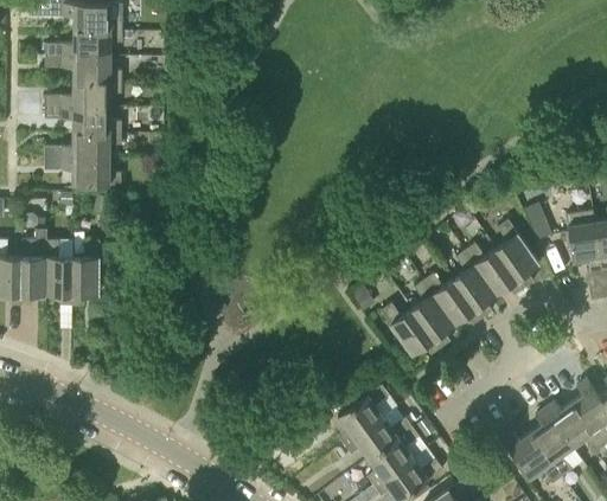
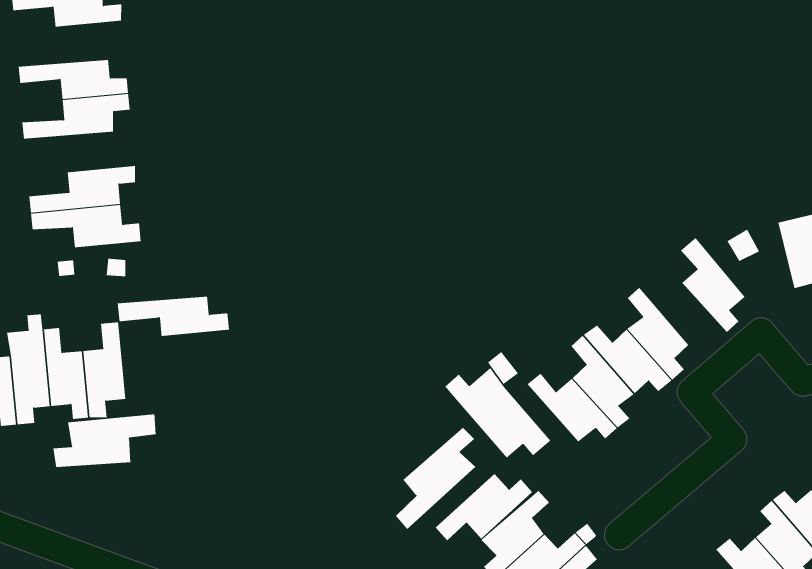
building: [46,30,122,56] -> none
building: [45,105,122,131] -> [117,296,230,336]
building: [466,244,524,295] -> none
building: none -> [444,367,551,459]
building: none -> [53,413,156,468]
building: none -> [395,427,476,530]
building: none -> [435,473,533,541]

